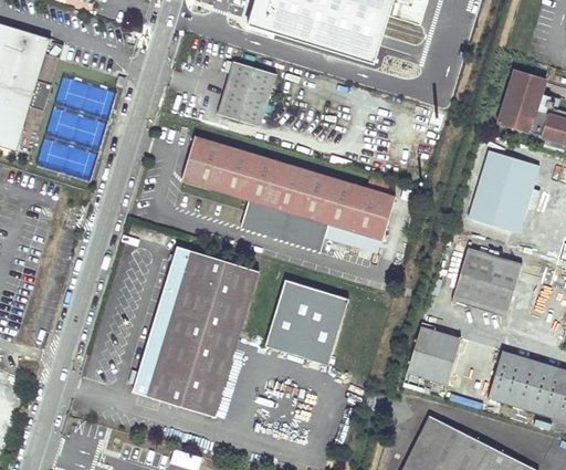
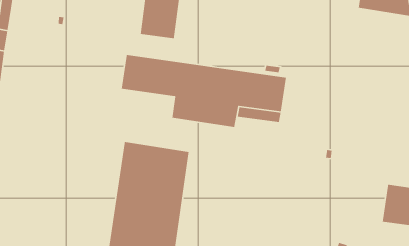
building: [469,150,541,232] -> none
building: [451,248,521,316] -> none
building: [264,280,348,365] -> none
building: [406,326,460,385] -> none

